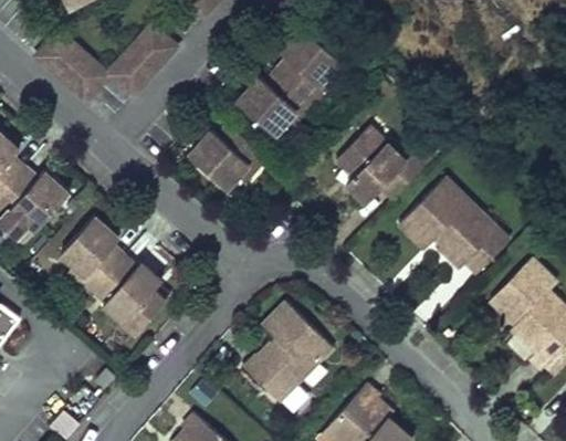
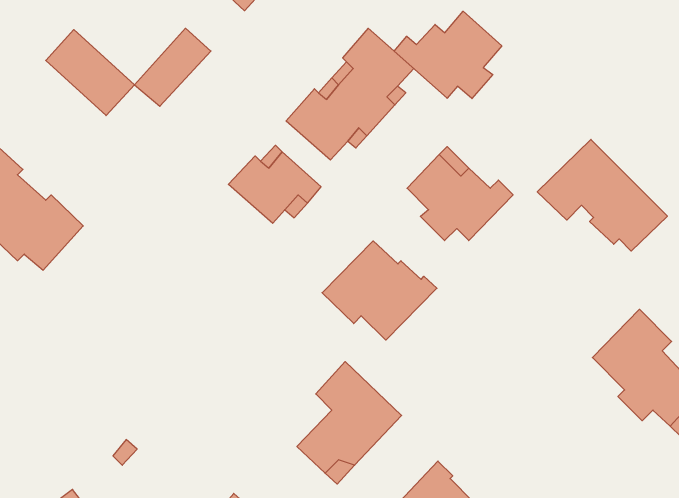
building: none -> [394,11,502,99]
building: [399,181,506,273] -> [537,139,667,251]
building: none -> [322,241,437,340]
building: [60,208,170,328] -> none

